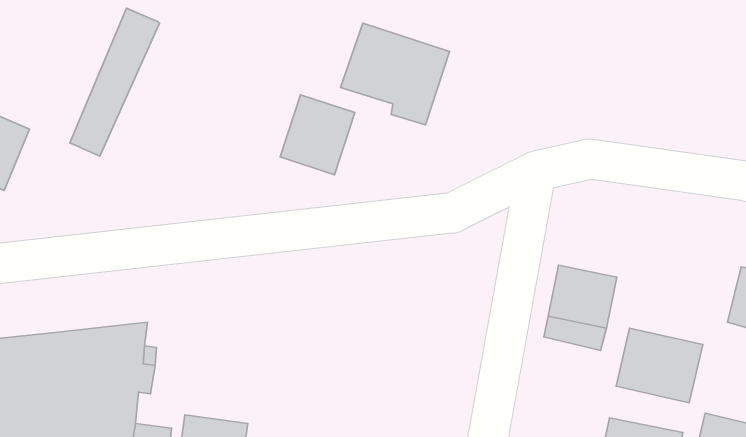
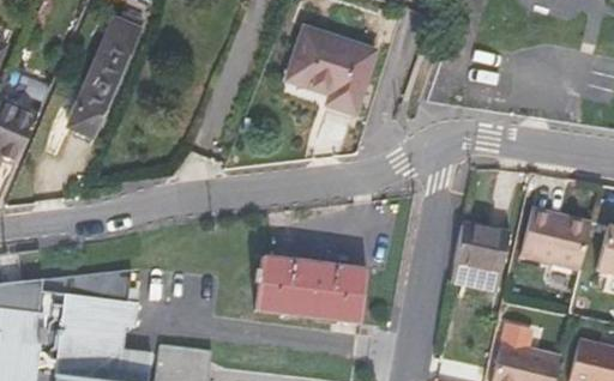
building: [280,95,355,175] -> none
building: none -> [257,254,366,321]
building: [616,328,703,403] -> [522,211,591,271]

